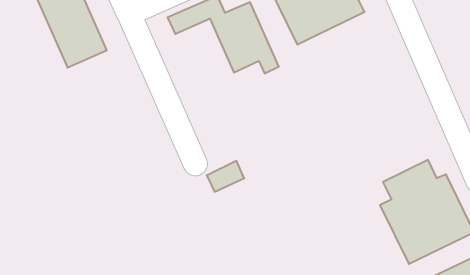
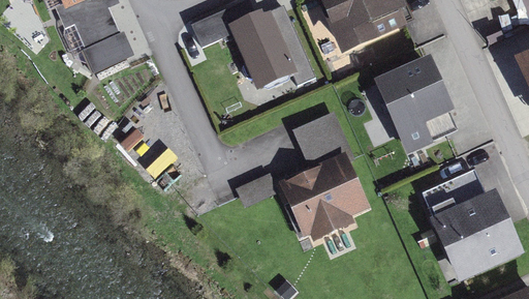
building: none -> [383,61,452,140]
building: none -> [278,117,366,234]

